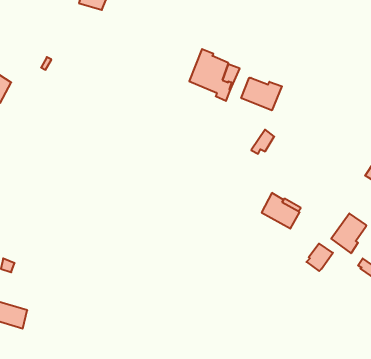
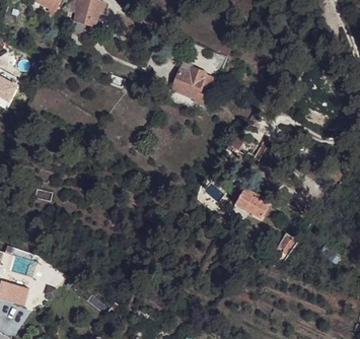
building: [241,78,282,110] -> none
building: [331,213,366,253] -> none

